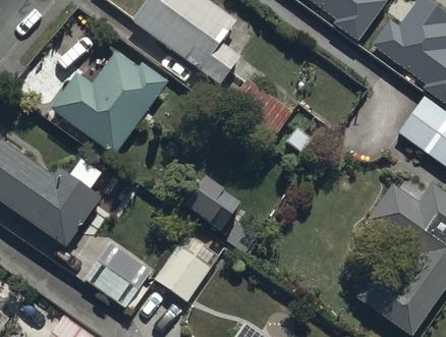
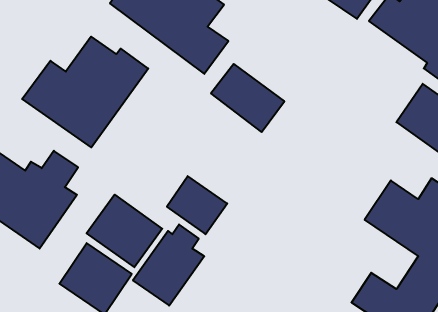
building: none -> [87,195,162,267]

